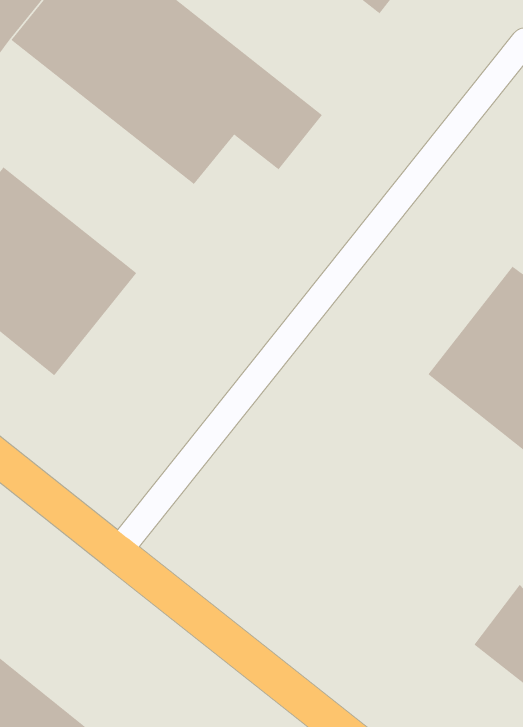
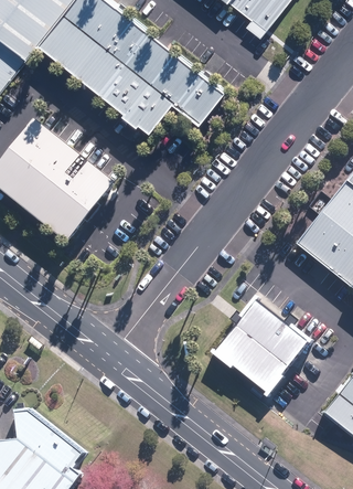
building: none -> [210,297,311,397]

